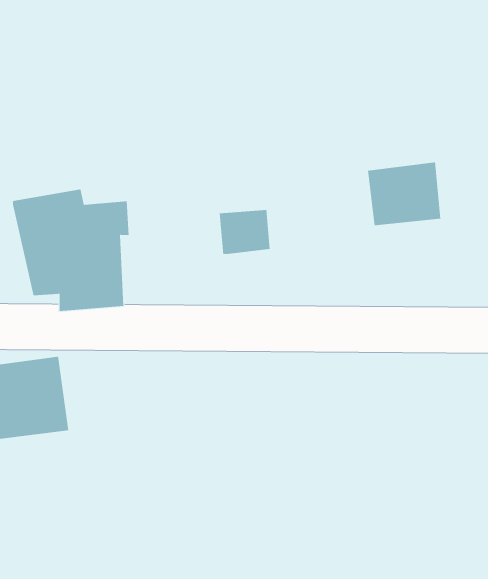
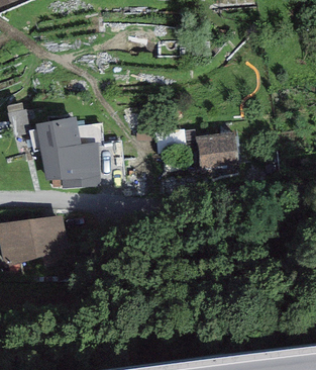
building: [367,162,441,226] -> [195,131,238,169]

